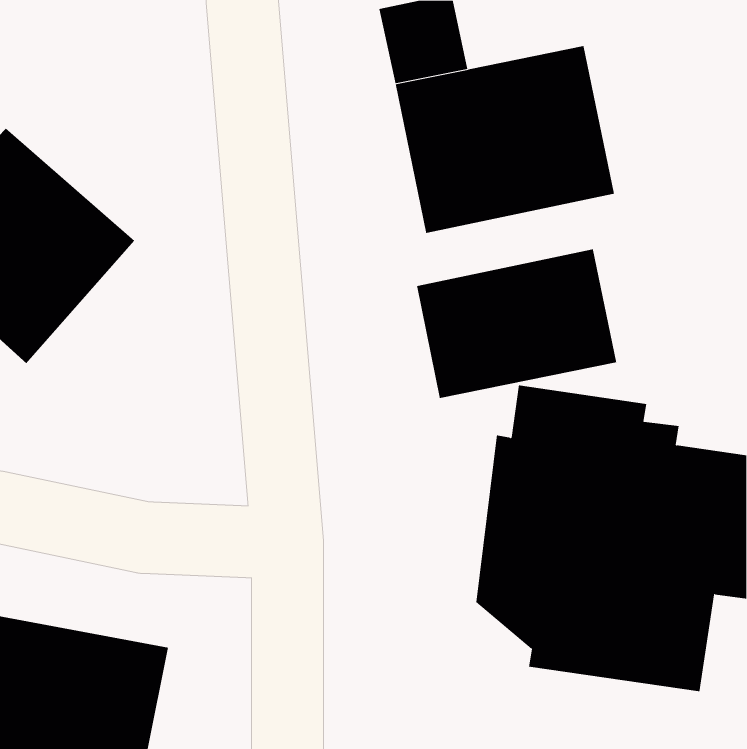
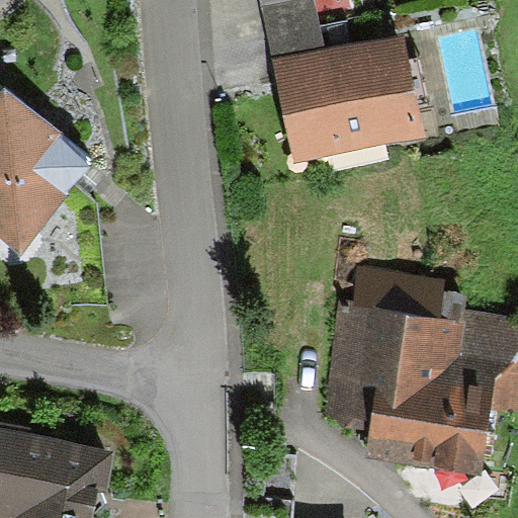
building: [417,248,617,399] -> none

